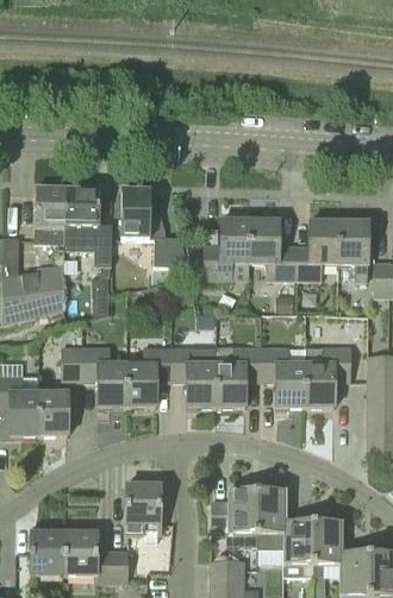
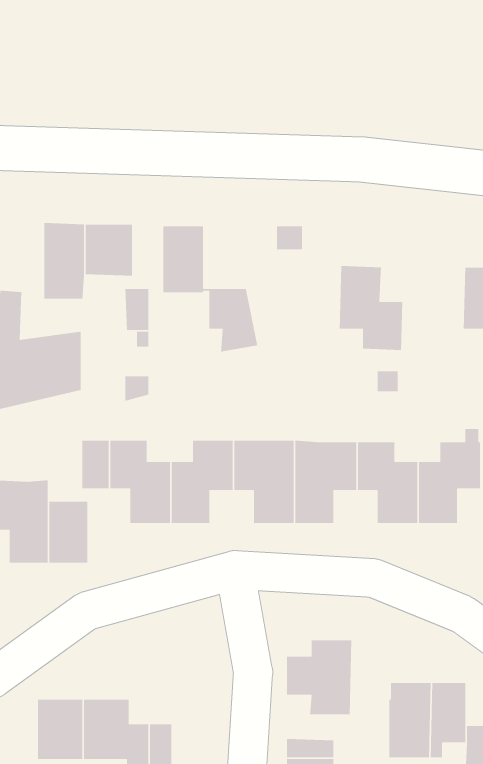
building: [204,219,250,279] -> none
building: [294,220,339,281] -> none
building: [125,483,161,541] -> none
building: [257,489,286,548] -> none

